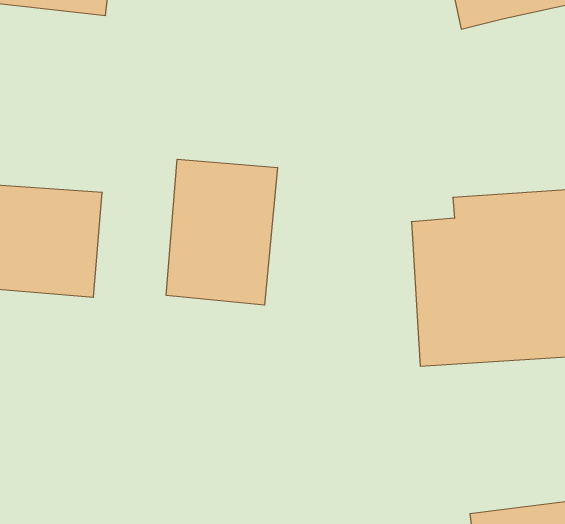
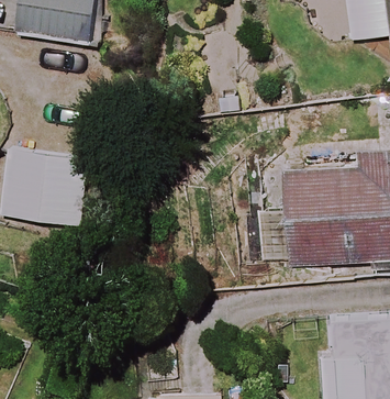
building: [166,159,277,305] -> none

